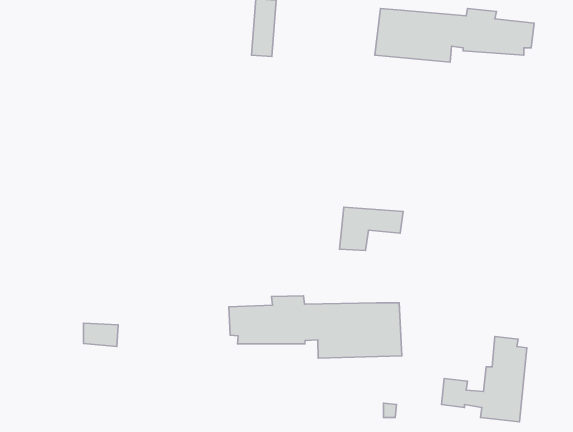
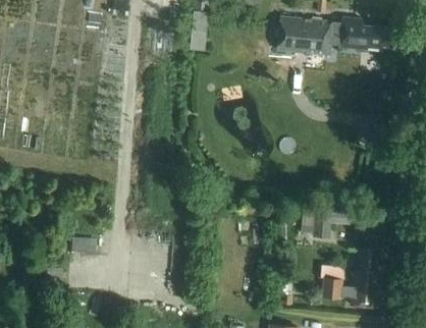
building: [339,207,403,251] -> [311,207,356,237]
building: [229,296,402,358] -> none

